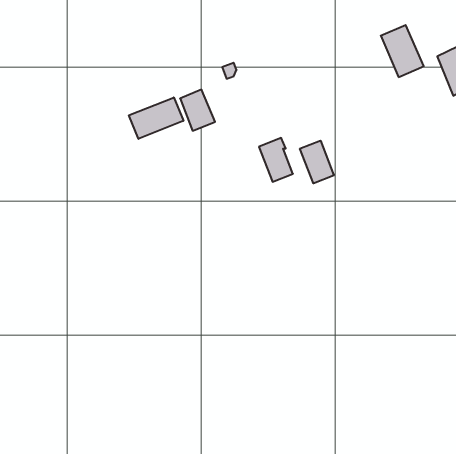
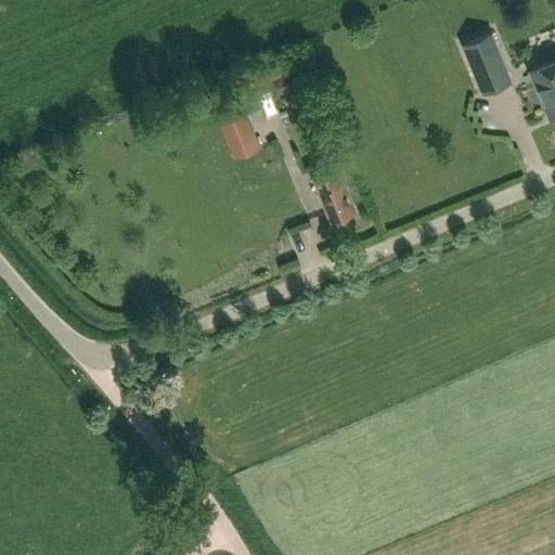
building: [129,97,183,139] -> none
building: [300,141,334,183] -> none

